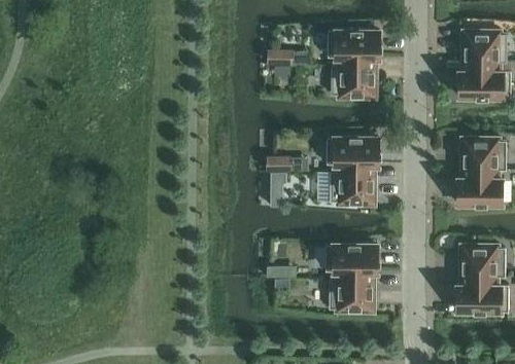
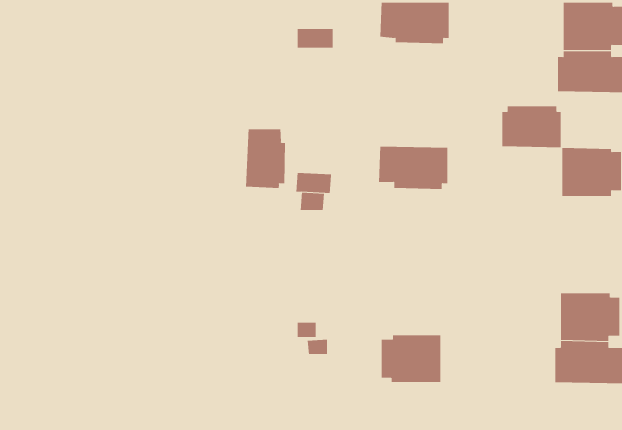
building: [331,61,375,97] -> none
building: none -> [245,128,285,189]
building: [330,168,374,204] -> none
building: [457,174,502,205] -> [501,106,562,148]
building: [325,244,377,276] -> none

